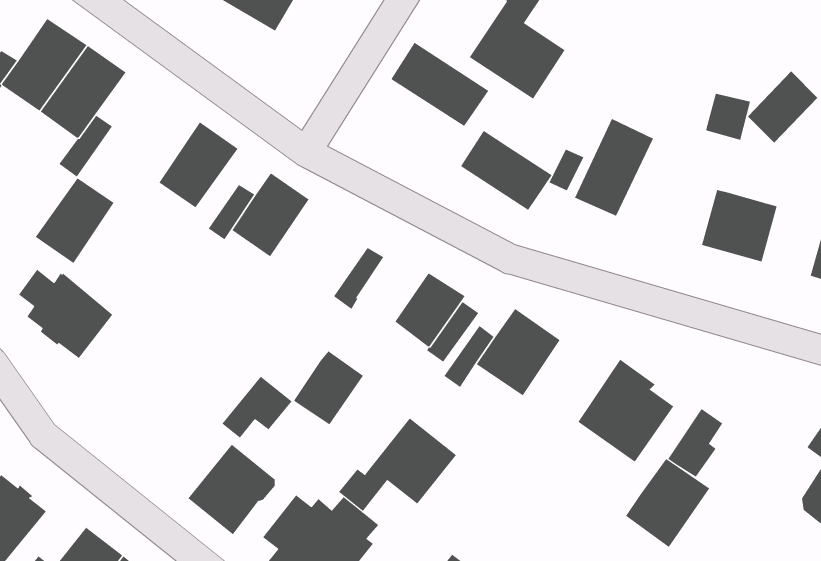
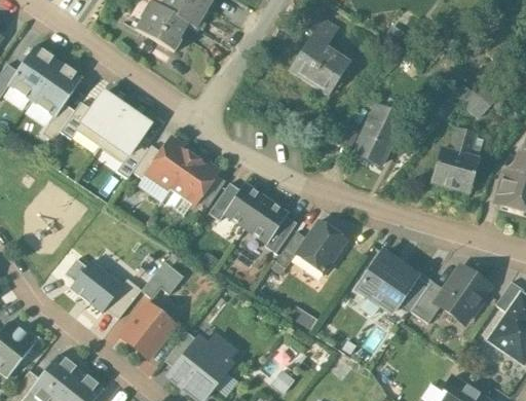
building: [391,42,489,127] -> none
building: [705,93,751,141] -> [449,127,477,156]
building: [460,130,553,211] -> none
building: [35,177,115,264] -> [79,92,127,144]
building: none -> [171,154,218,206]
building: [18,269,113,359] -> [66,258,123,313]
building: [293,350,364,425] -> [223,183,266,228]
building: [338,417,457,512] -> none
building: [625,458,710,548] -> [437,267,488,322]

